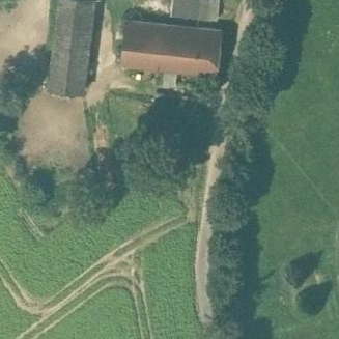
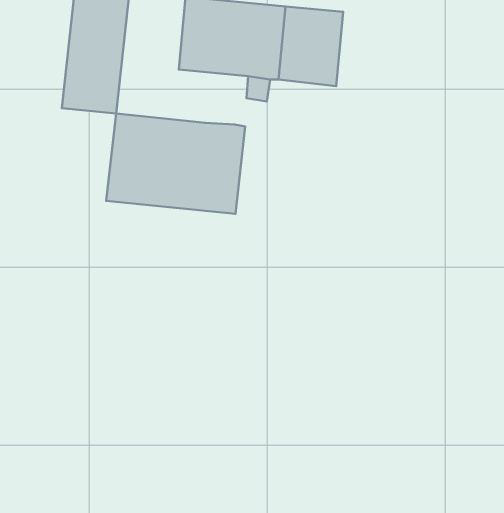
building: none -> [106,113,245,214]

